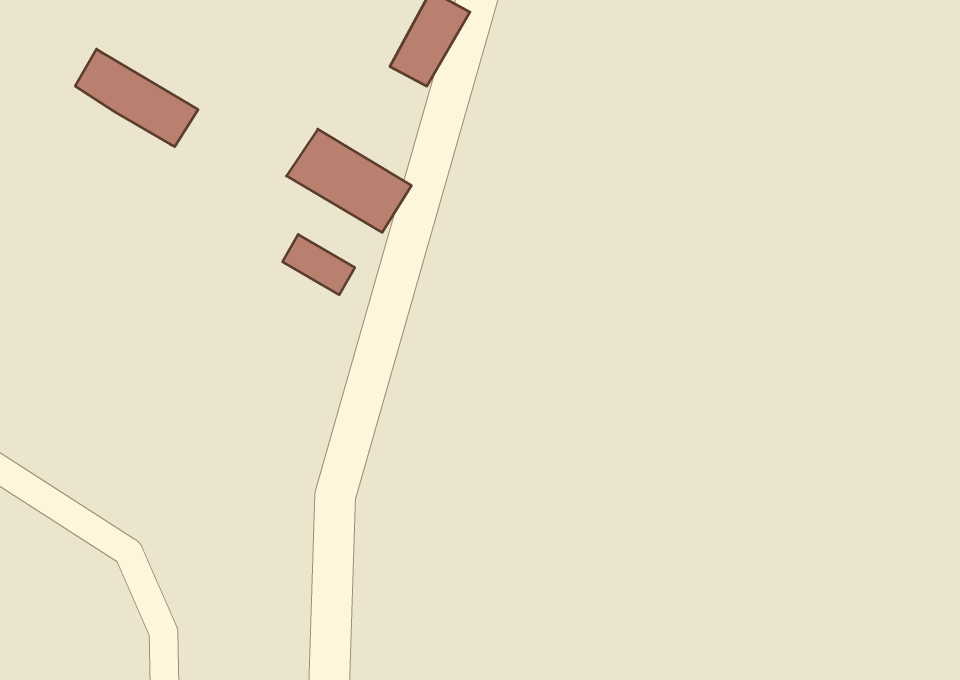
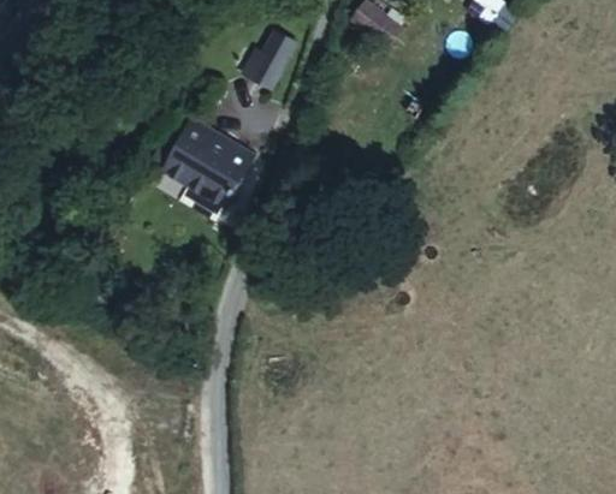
building: [75,49,198,147] -> [167,142,243,202]

